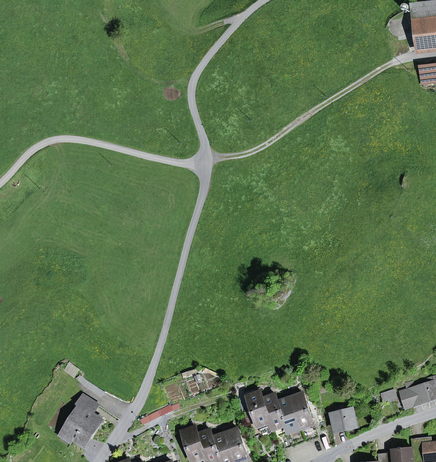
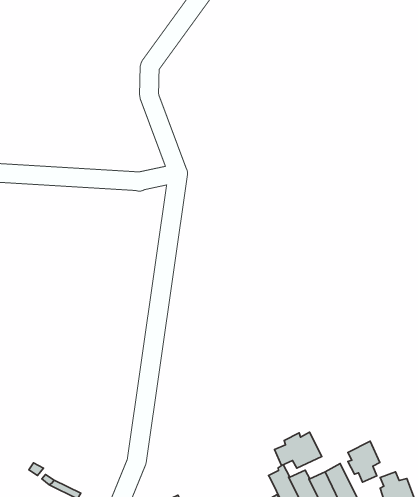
building: none -> [274,432,322,468]
building: none -> [348,441,380,482]

